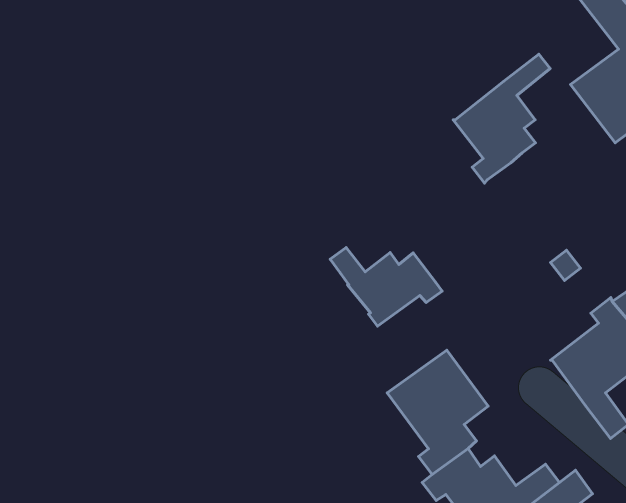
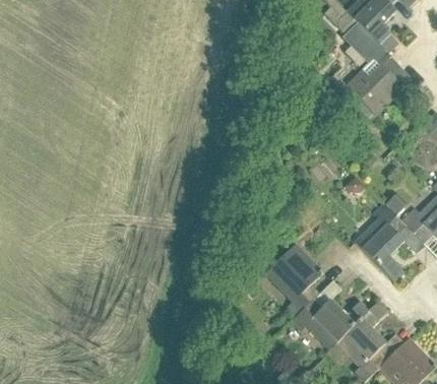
building: [453,54,550,183] -> none
building: [330,248,442,326] -> none

